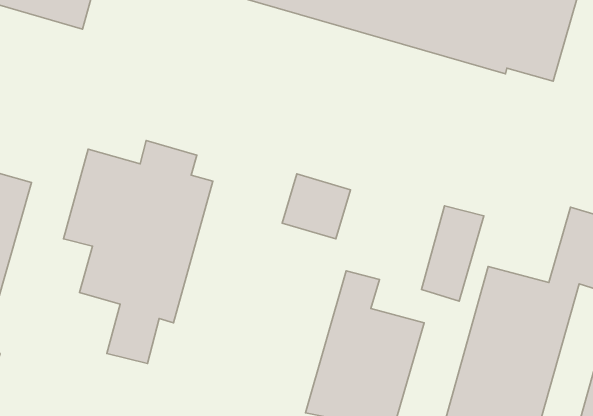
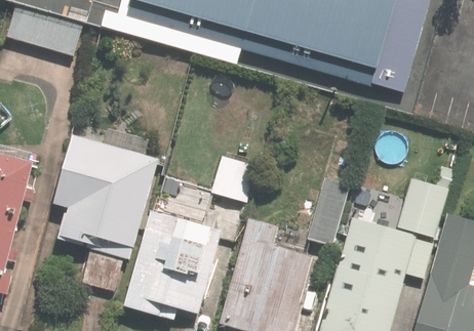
building: none -> [127,198,219,318]

